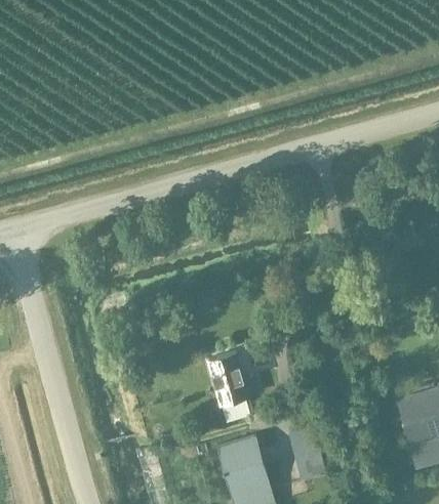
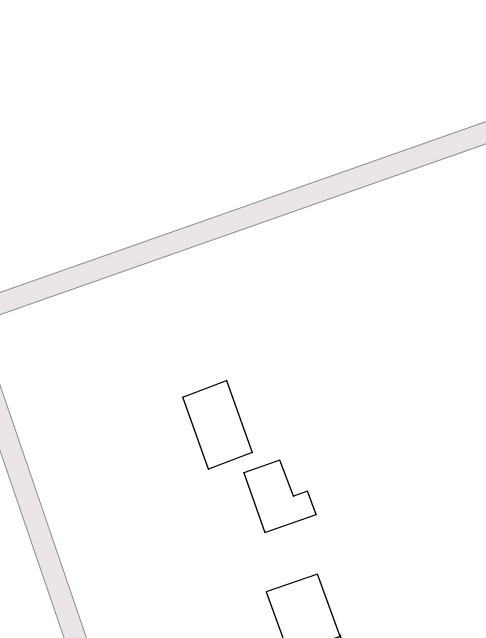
building: none -> [183,380,252,469]

